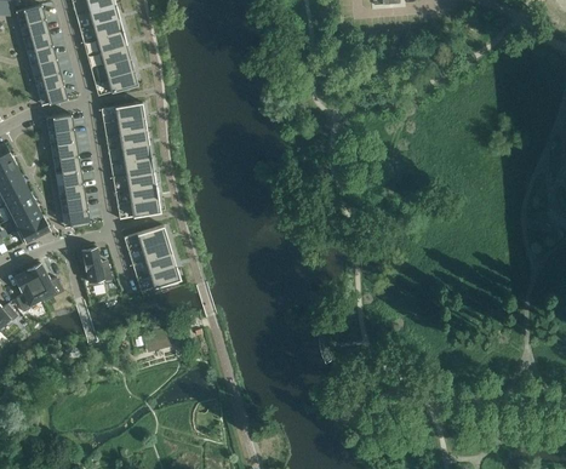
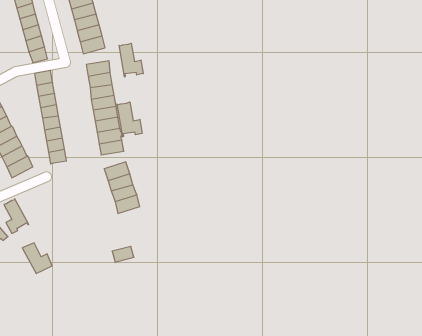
building: none -> [119,43,143,77]
building: none -> [117,102,142,137]
building: [80,247,110,282] -> none
building: [25,264,62,302] -> [22,243,52,274]

